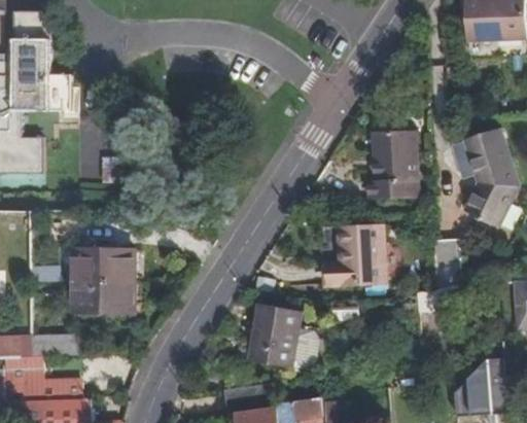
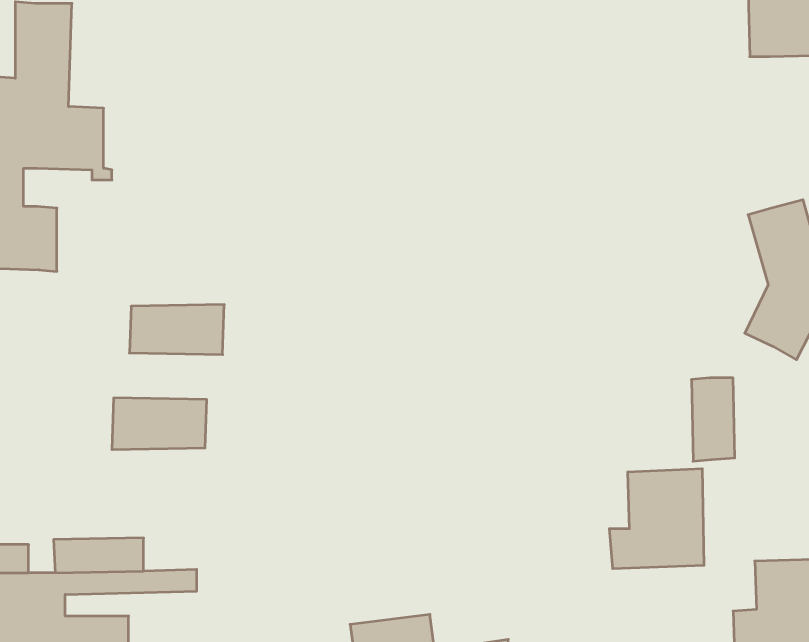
building: [366,128,416,197] -> none
building: [325,225,384,287] -> [609,469,704,569]
building: [71,280,130,311] -> [129,305,224,355]
building: [246,302,318,368] -> none

